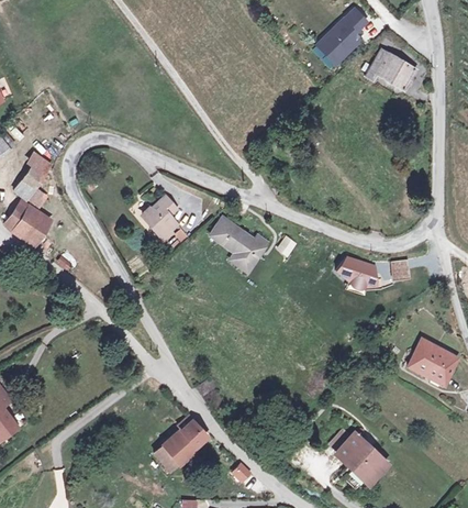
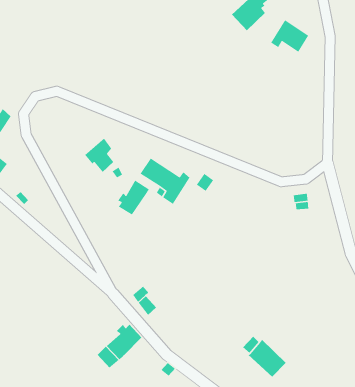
building: none -> [117,180,150,216]
building: [337,256,378,286] -> none
building: [409,340,456,385] -> none

